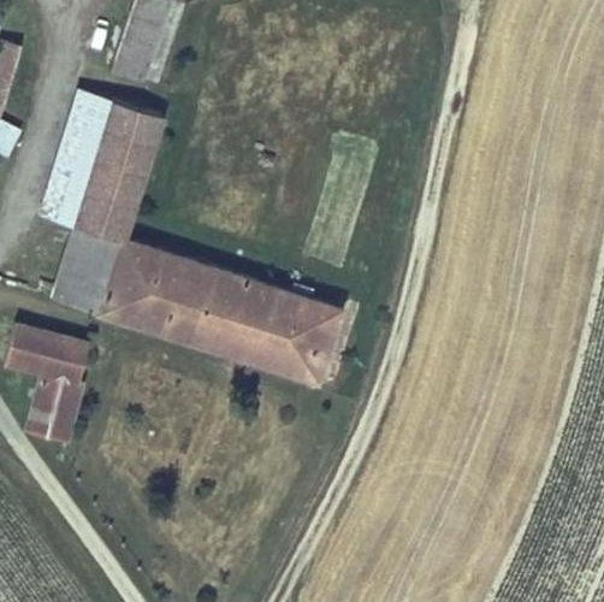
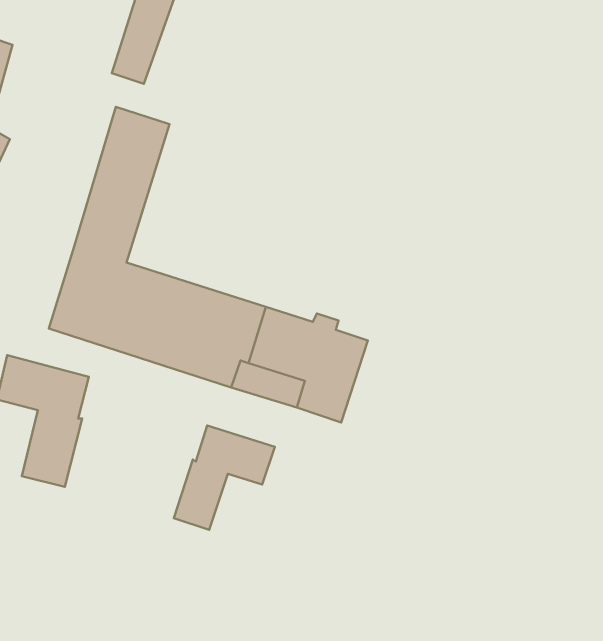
building: [45,90,114,225] -> none
building: none -> [174,426,275,530]

